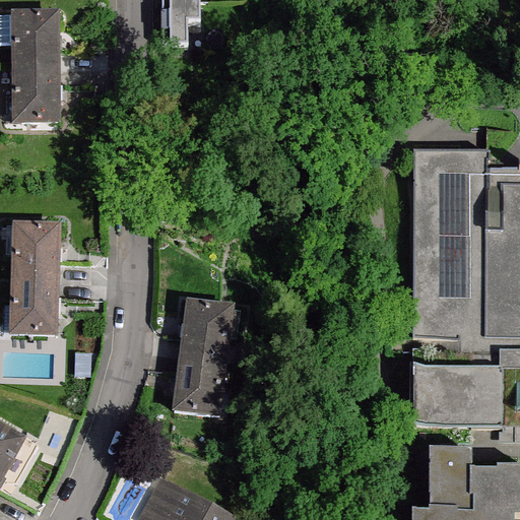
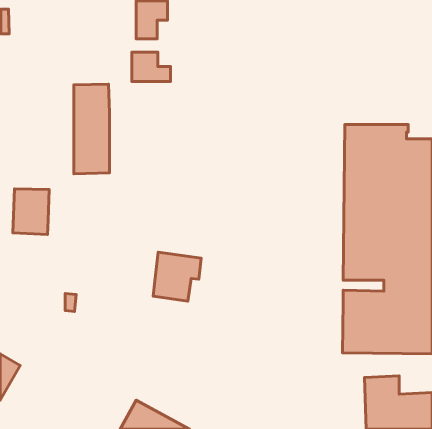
building: [15,14,58,122] -> [74,84,109,174]
building: none -> [132,52,170,82]
building: [13,279,57,334] -> none
building: [177,355,231,415] -> none

